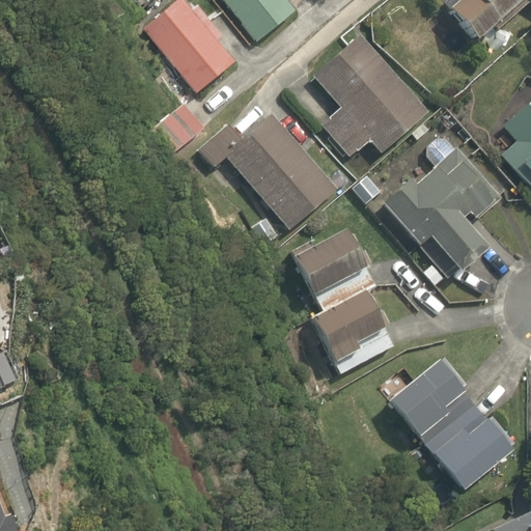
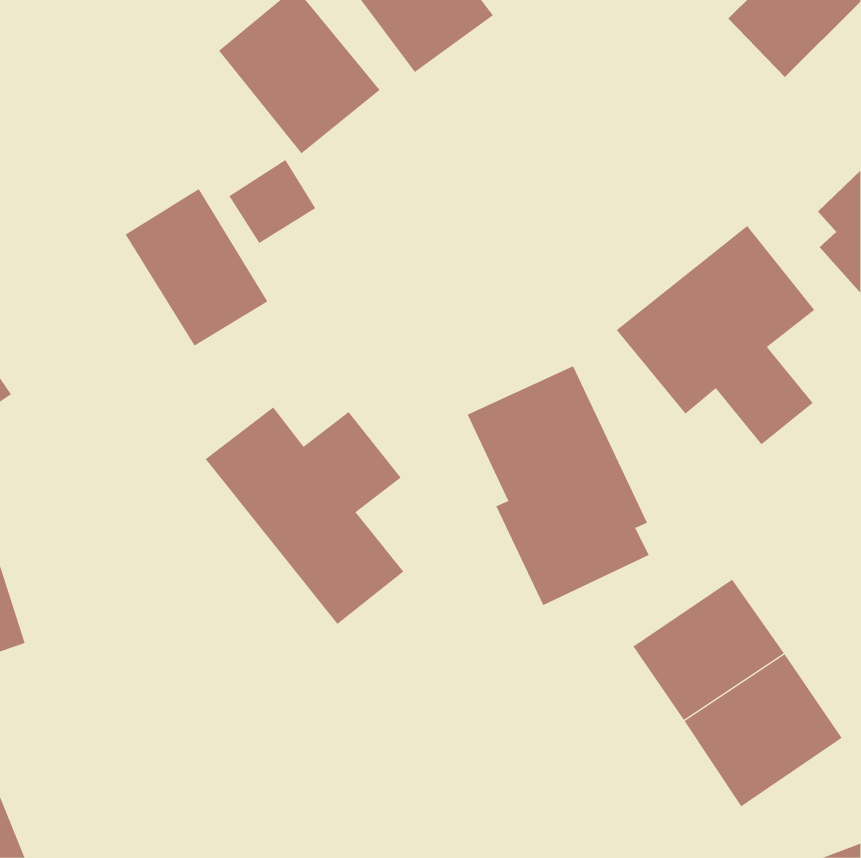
building: [319,36,435,160] -> none
building: [183,111,335,230] -> none
building: none -> [125,188,268,346]
building: none -> [205,406,404,625]

